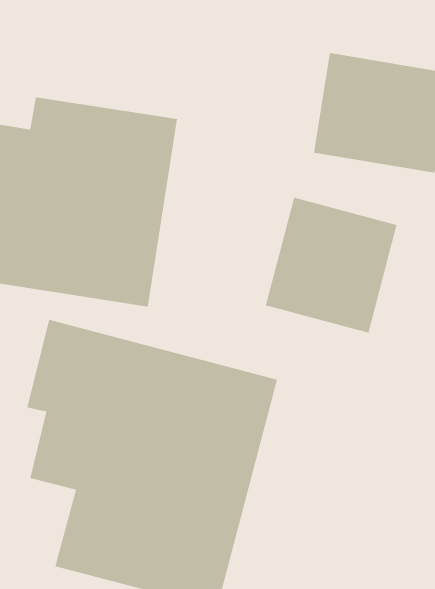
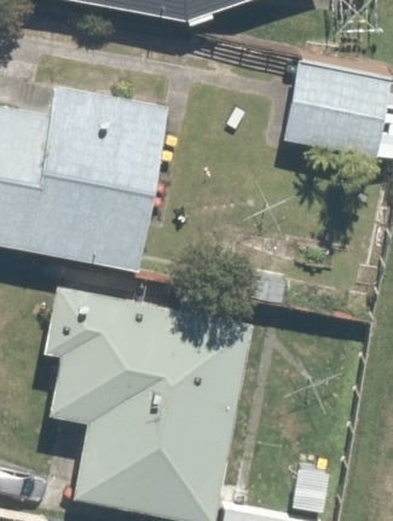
building: [265,197,397,334] -> none

